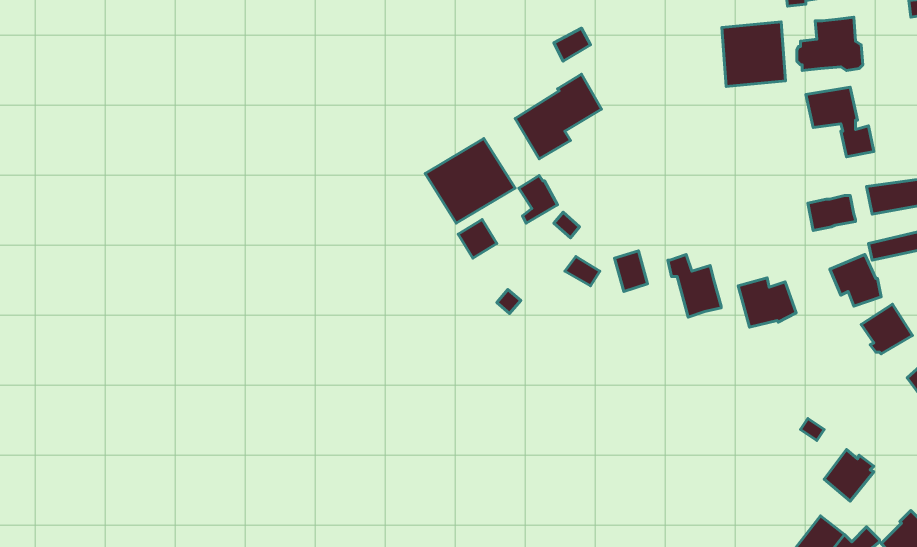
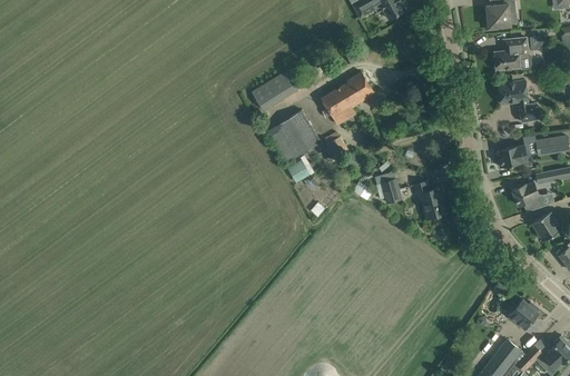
building: [722,22,786,87] -> none
building: none -> [252,68,301,110]
building: [738,278,796,327] -> none

